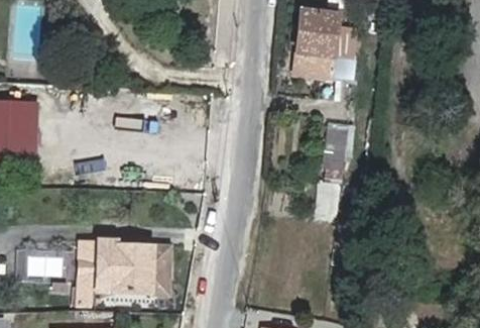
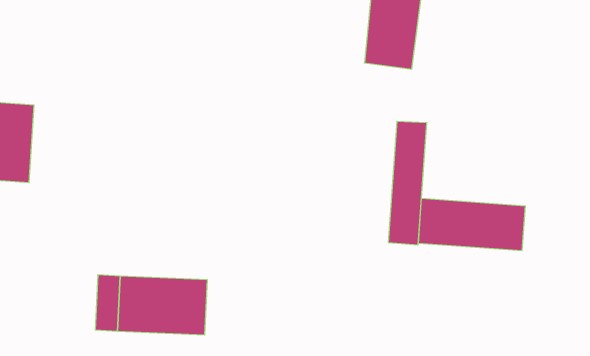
building: none -> [418,198,525,251]

